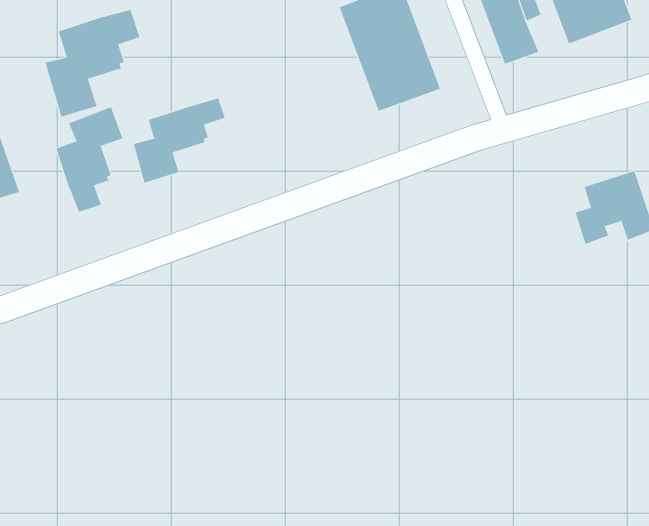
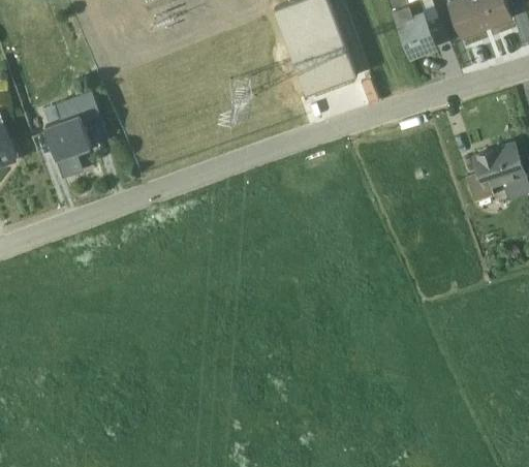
building: [45,9,140,118] -> none
building: [133,98,225,184] -> none

